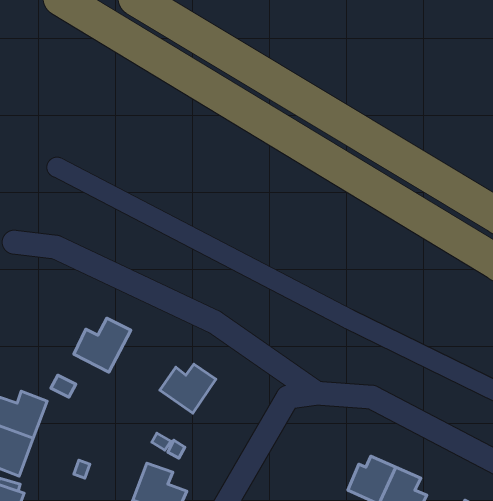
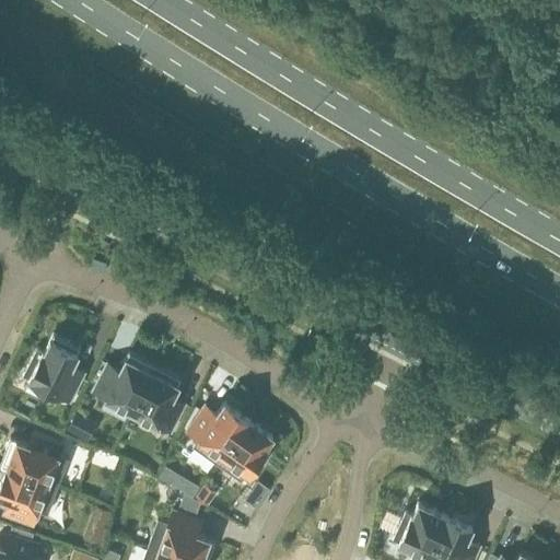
building: none -> [22,339,83,405]
building: none -> [130,370,184,435]
building: none -> [222,423,271,482]

